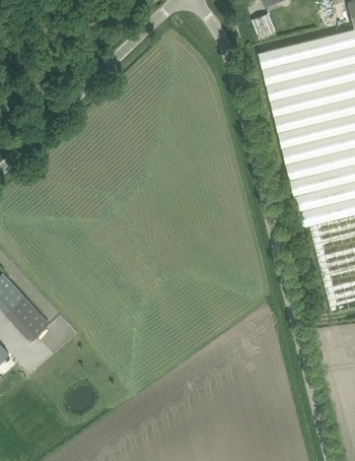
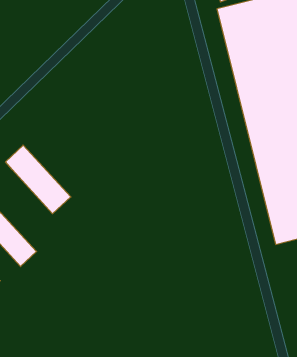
building: none -> [6,145,71,214]

